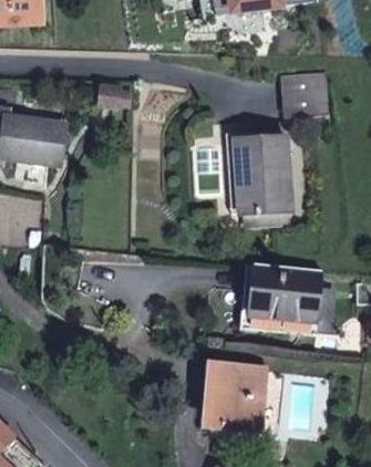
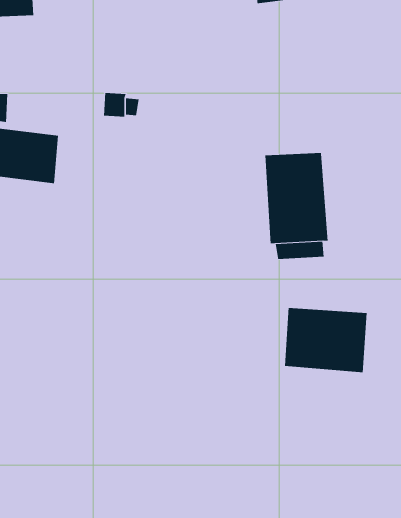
building: [281,72,326,112] -> none
building: [212,364,268,430] -> none

